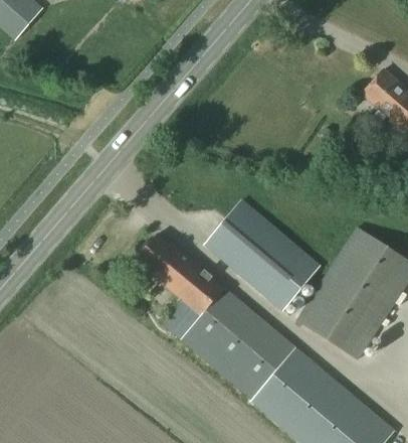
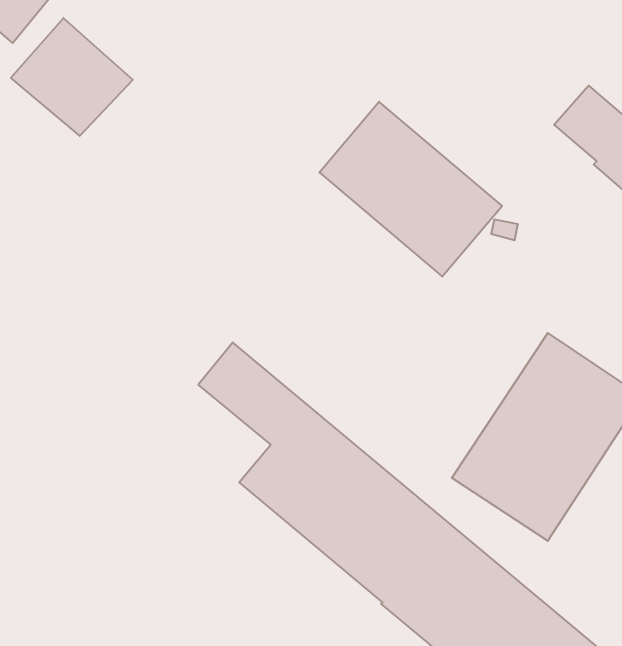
building: none -> [11,18,133,136]
building: [204,198,321,310] -> [319,102,502,277]

